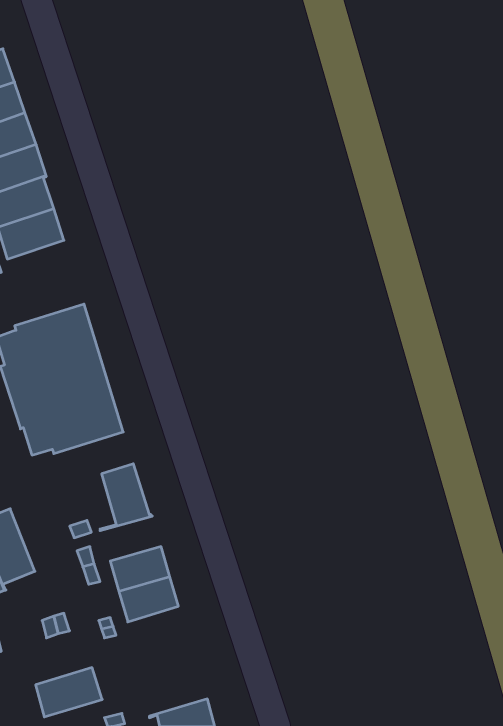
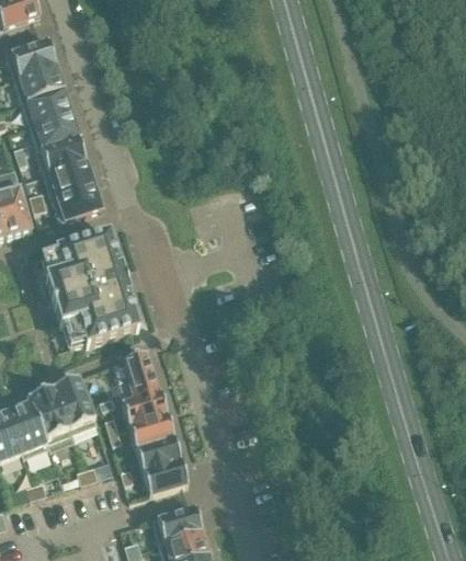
building: none -> [50,182,102,220]
building: none -> [53,375,96,432]
building: none -> [121,389,167,424]
building: none -> [141,458,187,493]
building: [36,668,102,717] -> [151,504,202,541]

